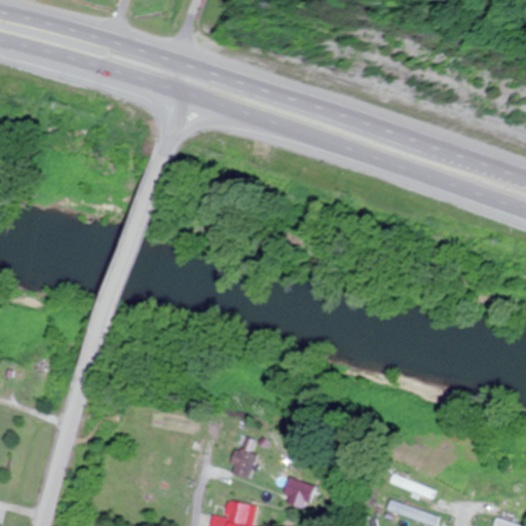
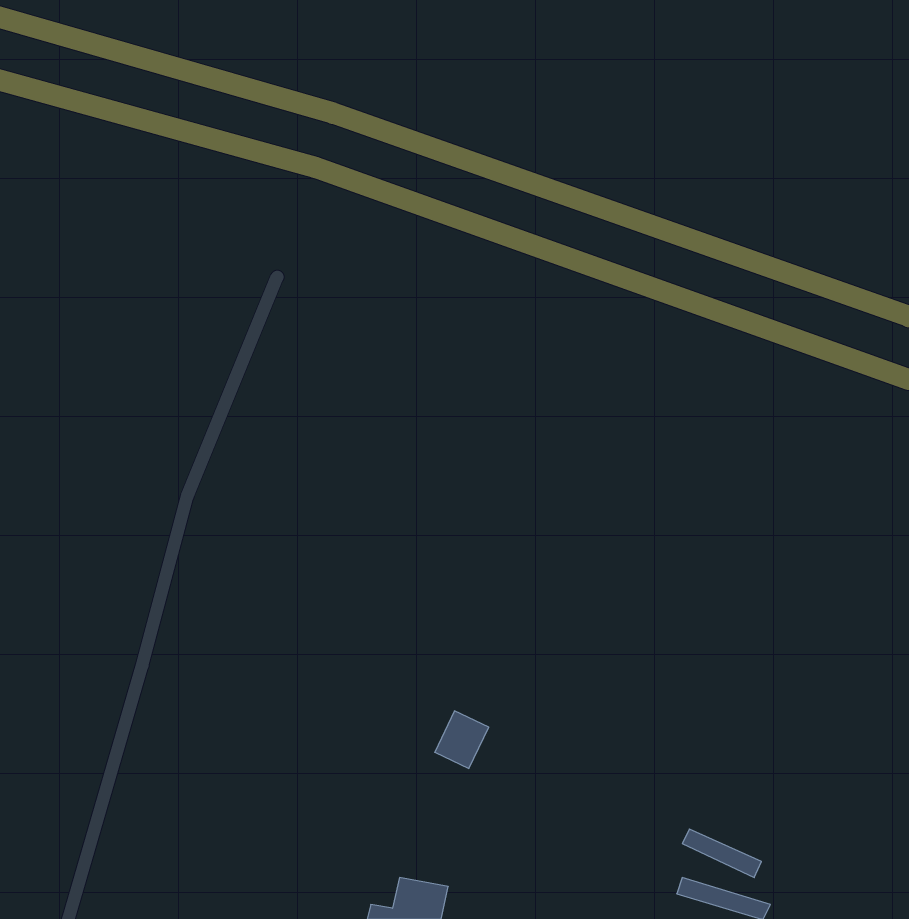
building: [227,447,258,480] -> [435,711,489,768]
building: [283,478,314,502] -> none

